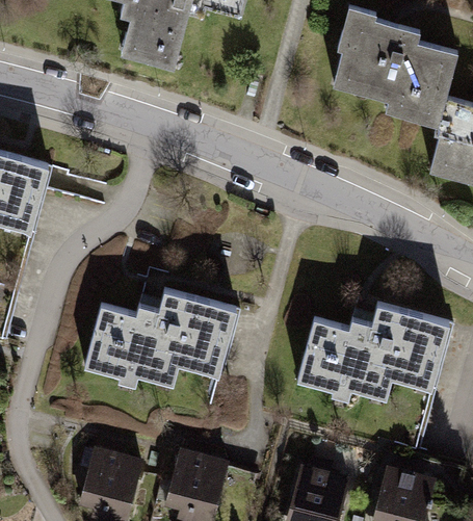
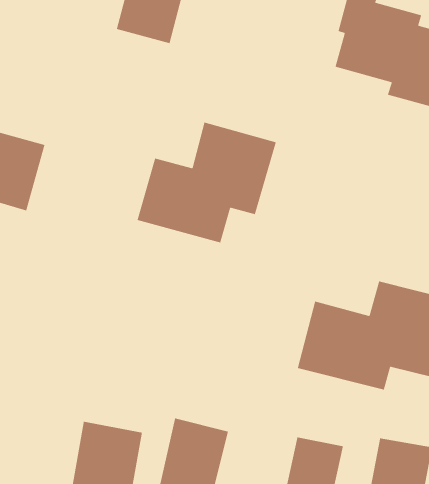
building: none -> [136,122,277,244]
building: [84,277,240,385] -> none

